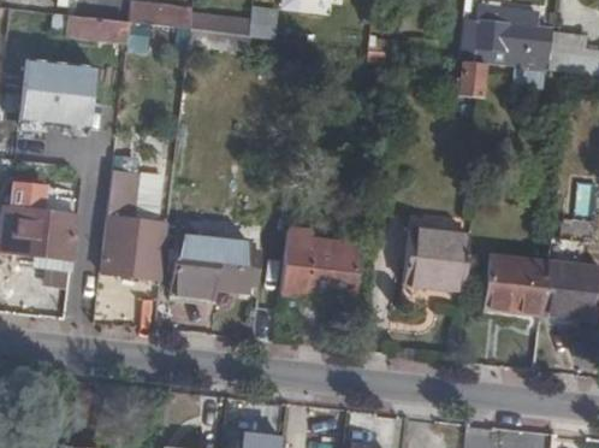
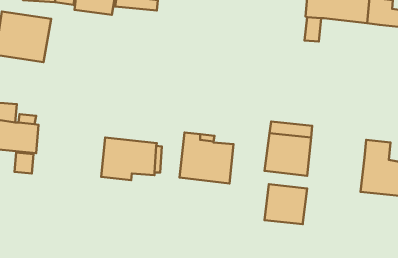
building: [102,177,155,281] -> none
building: [487,258,548,316] -> [265,184,307,224]

